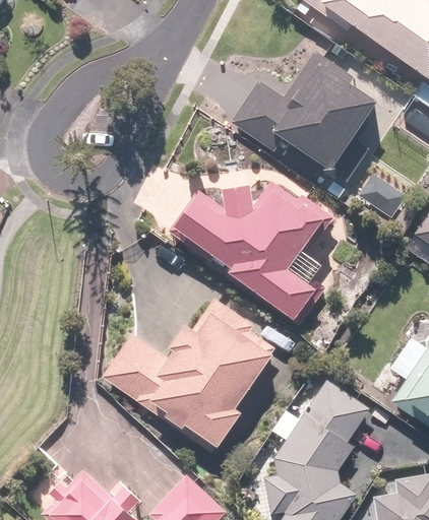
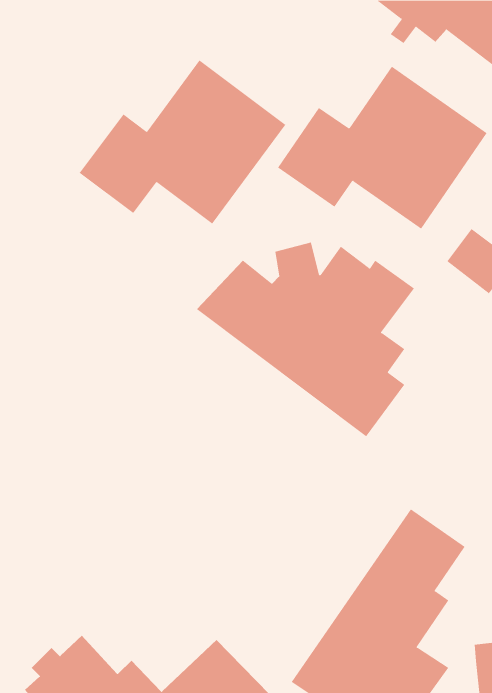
building: none -> [79,60,286,225]
building: [103,307,278,451] -> none

